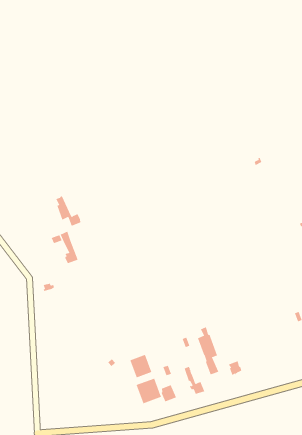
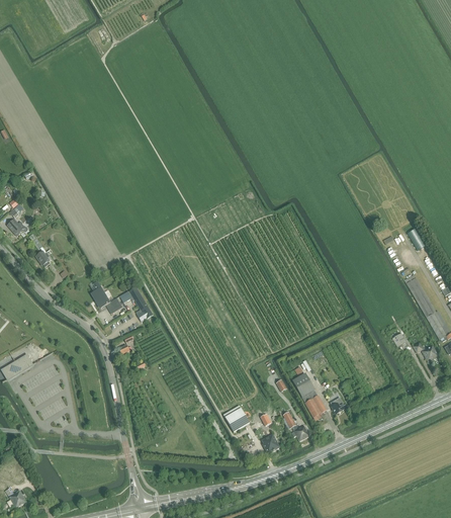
building: [56,196,81,227] -> [90,281,121,313]
building: [136,378,162,404] -> none

